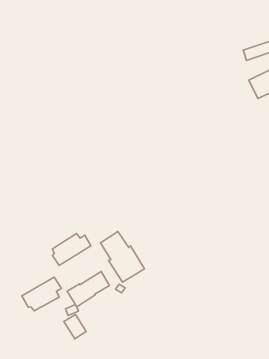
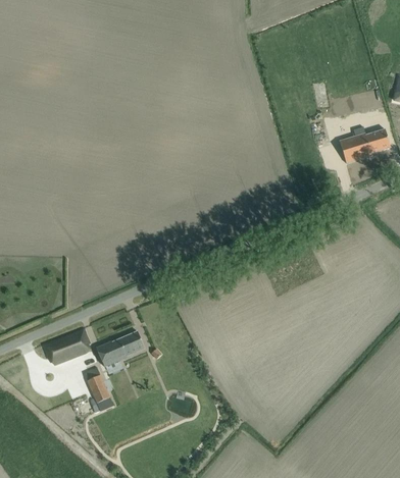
building: [100,231,144,282] -> none
building: [52,233,91,266] -> none

